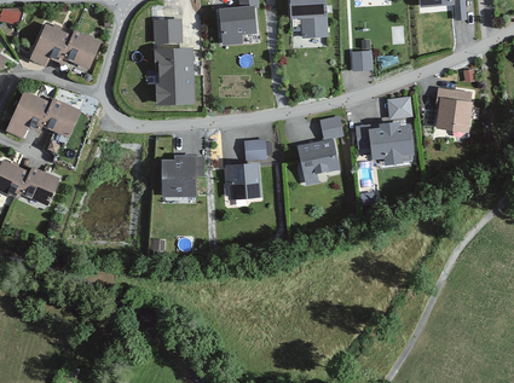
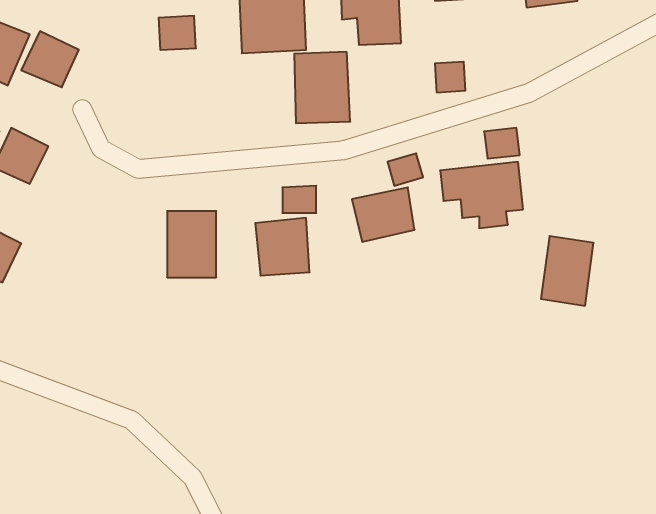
building: [155,47,195,98] -> [294,52,350,123]
building: [437,86,474,135] -> [541,236,594,306]

